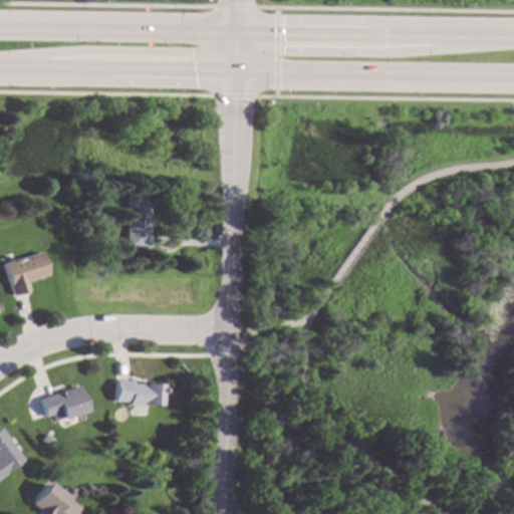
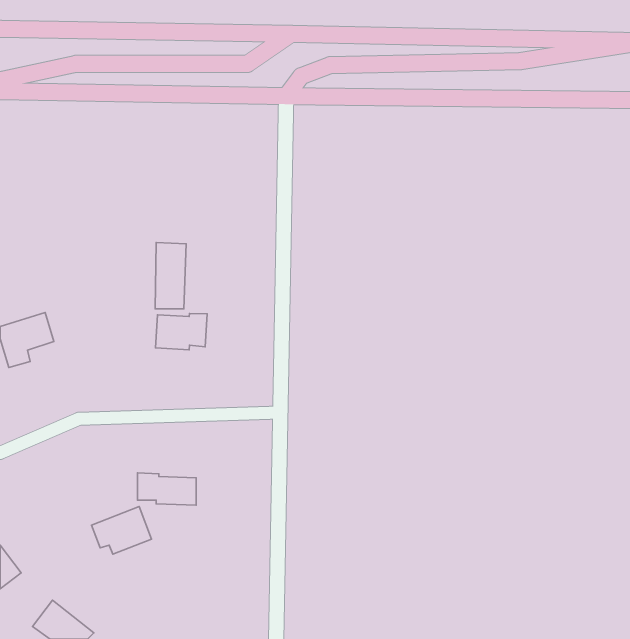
building: none -> [156,313,207,350]
building: [40,384,88,423] -> [92,506,152,554]

